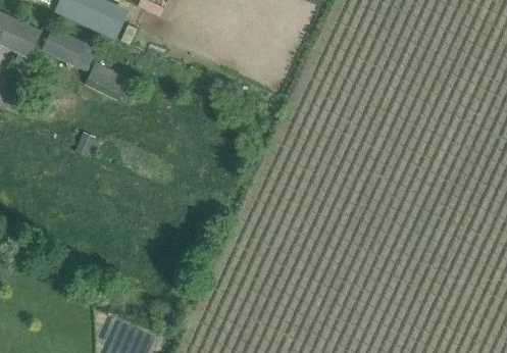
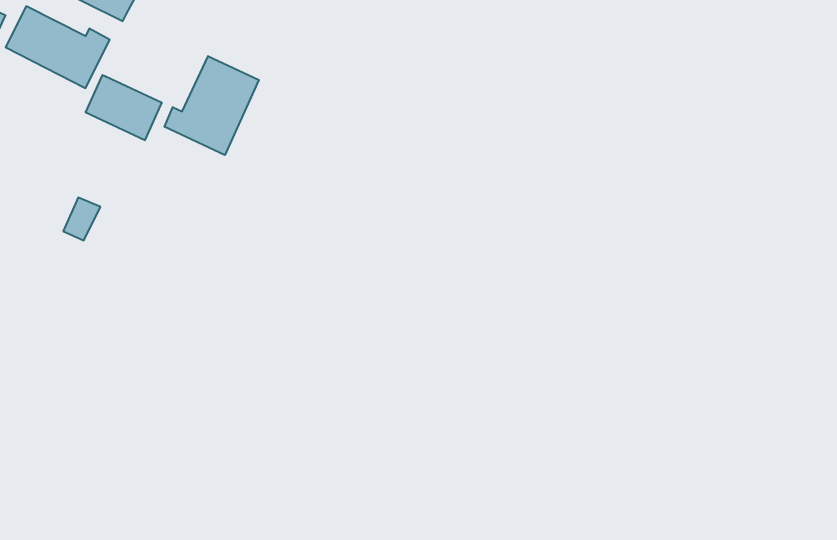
building: none -> [165,56,259,155]

